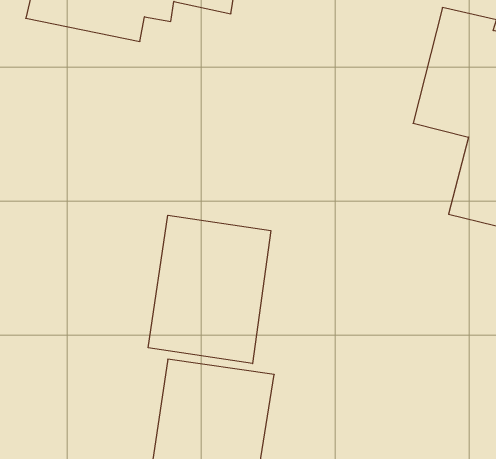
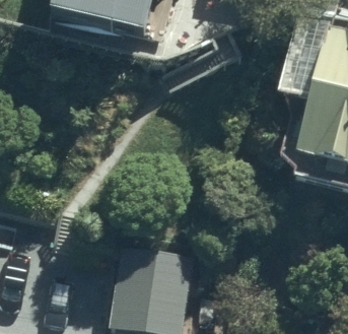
building: [148,215,271,364] -> none

